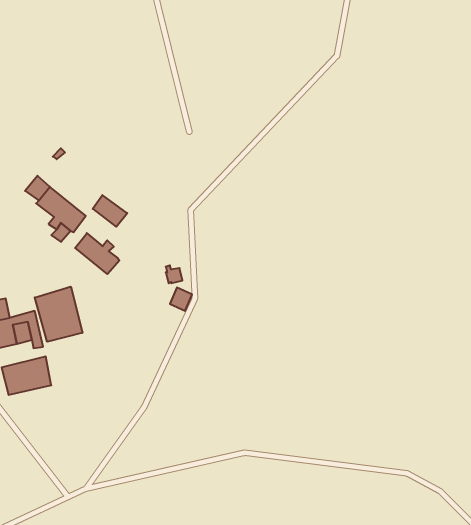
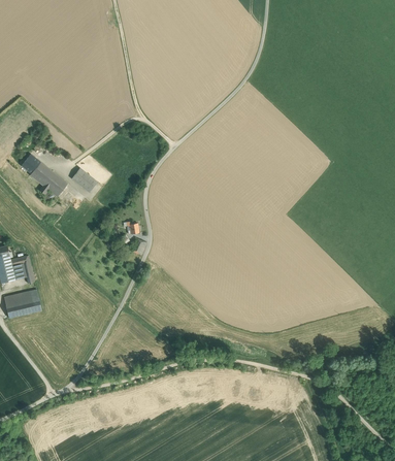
building: [75,233,119,274] -> none
building: [35,287,82,342] -> none

